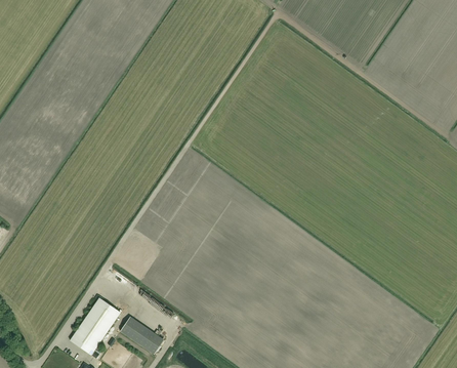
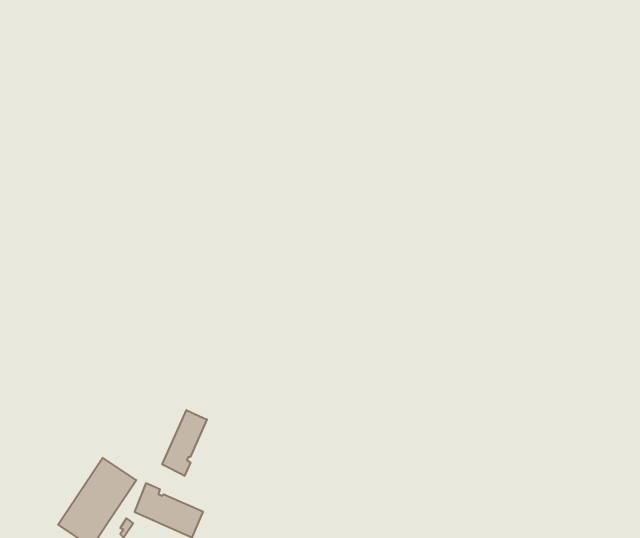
building: none -> [162,410,207,476]

